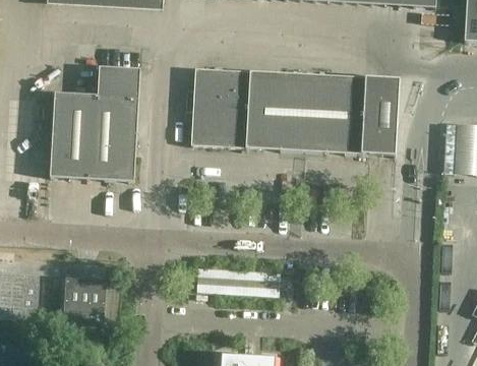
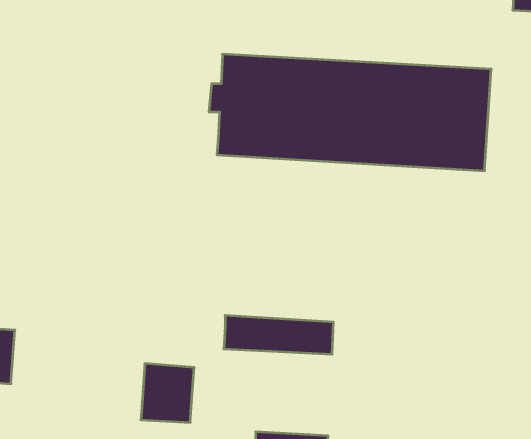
building: [50,67,140,182] -> none
building: [64,280,105,324] -> [141,364,194,422]

